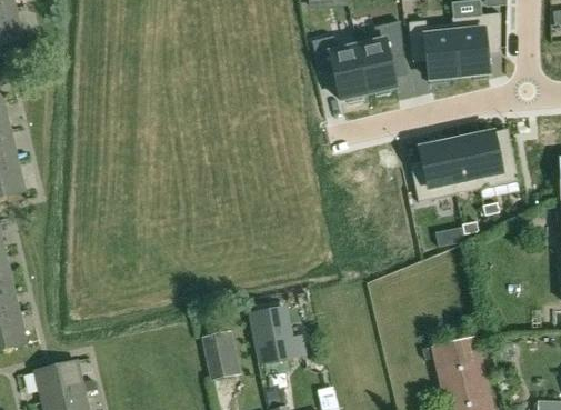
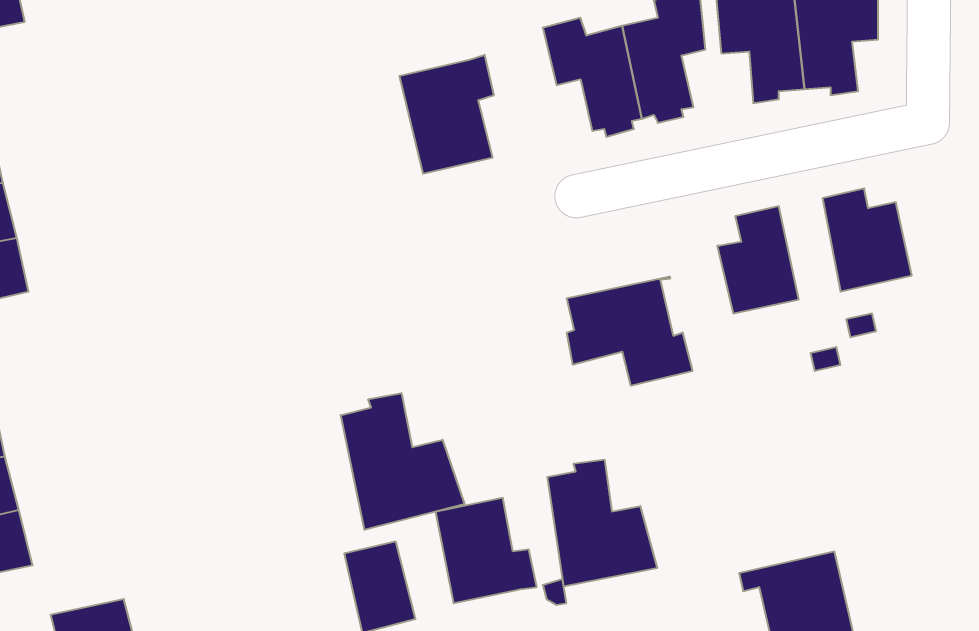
building: none -> [399,55,494,174]
building: [444,137,479,193] -> none
building: none -> [567,276,692,386]
building: none -> [341,393,464,530]
building: none -> [547,460,657,586]

